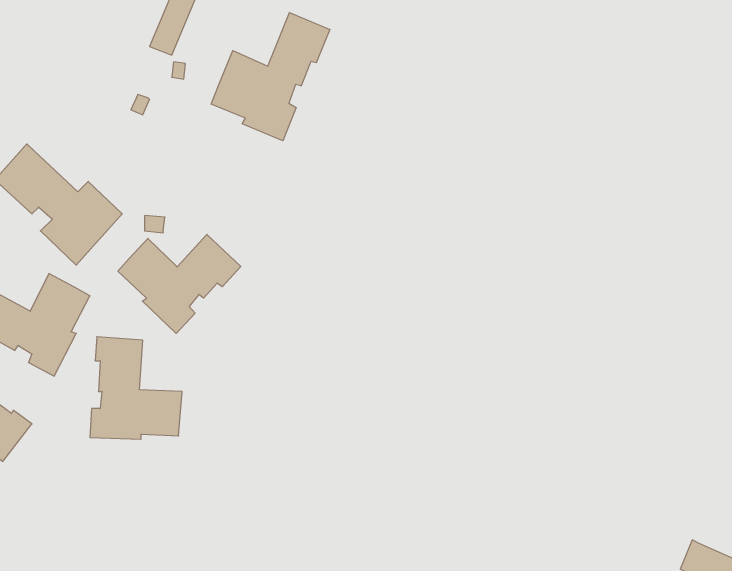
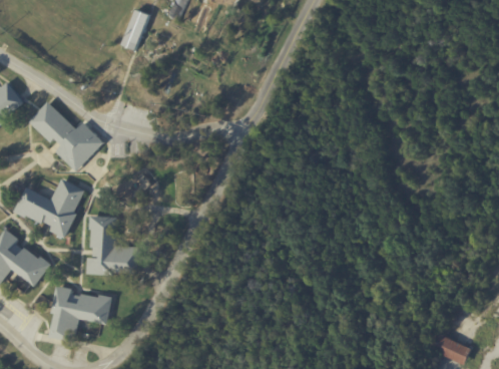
building: [211,13,330,141] -> none
building: [118,234,241,333] -> none
building: none -> [48,284,112,341]

